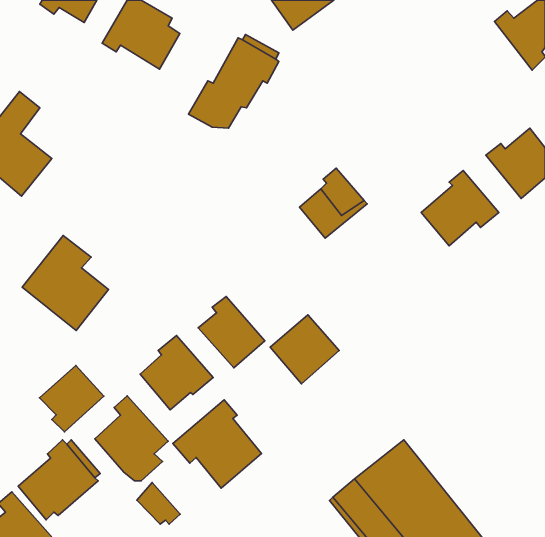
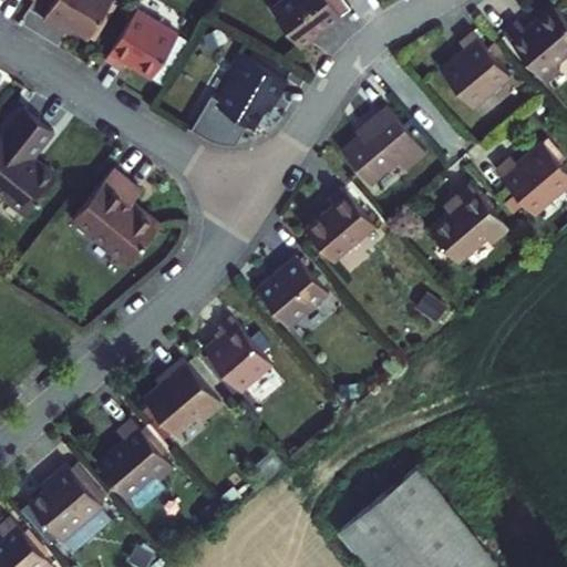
building: none -> [443,32,513,109]
building: none -> [344,106,430,186]
building: [22,236,108,330] -> [71,168,159,266]
building: [270,315,339,384] -> [258,255,329,326]
building: [40,365,104,432] -> none
building: [173,400,262,488] -> none
building: [137,482,180,524] -> none

